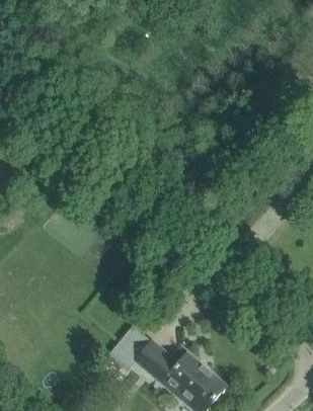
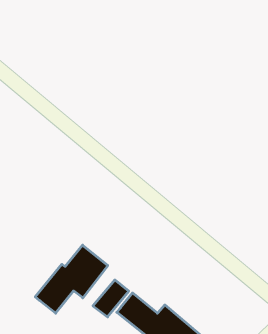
building: none -> [35,245,108,313]

